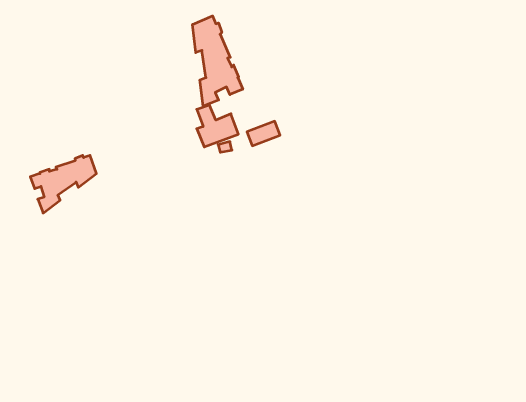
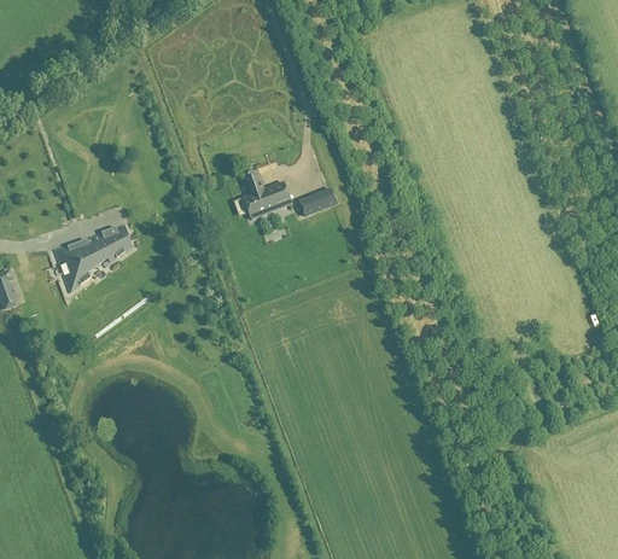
building: [193,16,243,106] -> none

